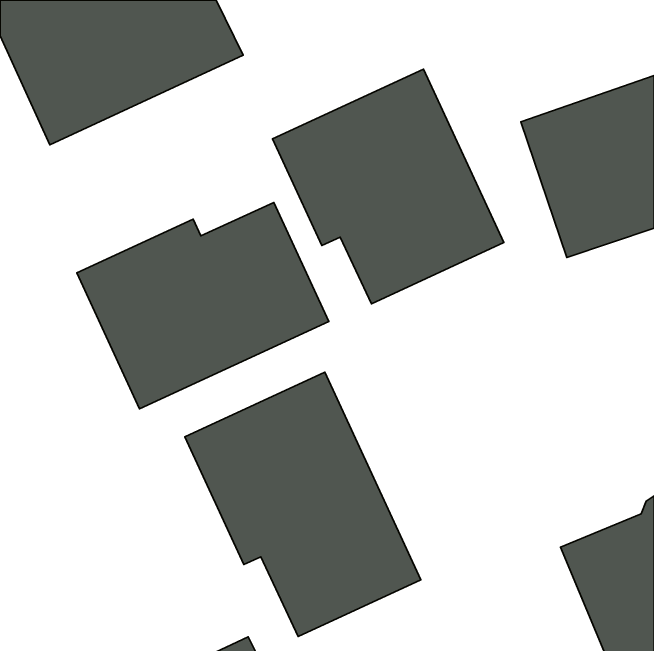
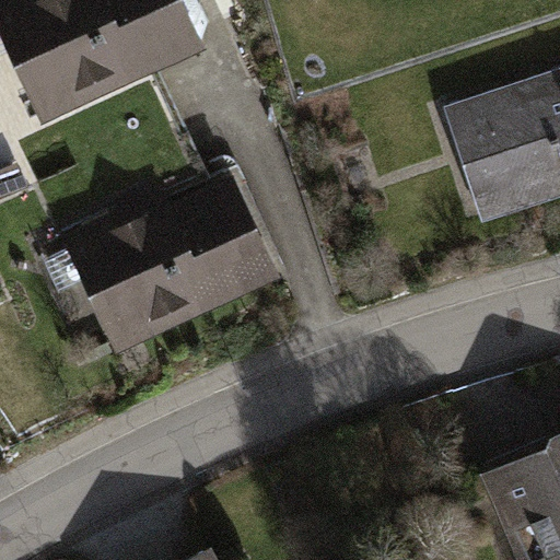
building: [272,69,504,304] -> none
building: [185,372,421,636] -> none

